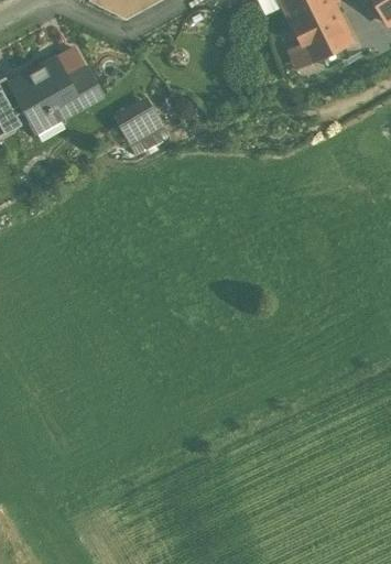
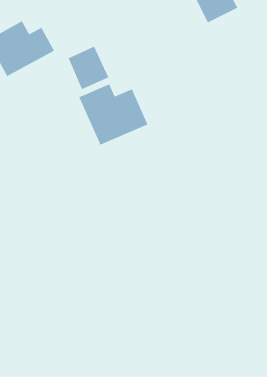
building: none -> [79,83,148,145]

